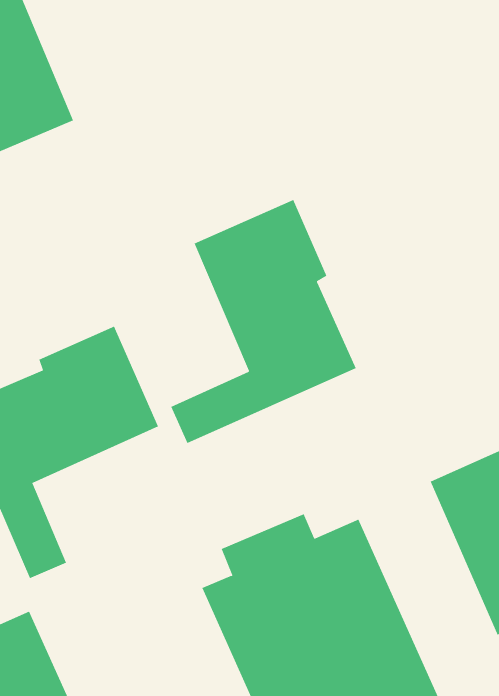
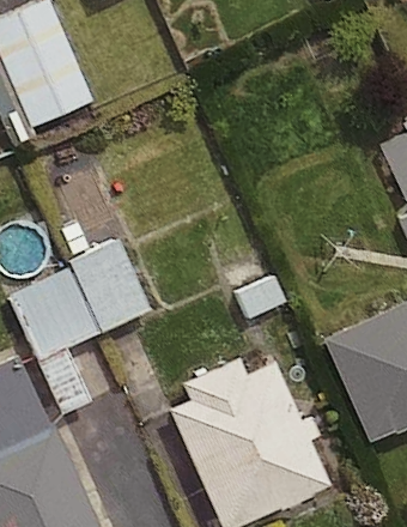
building: [170,199,357,444] -> none

